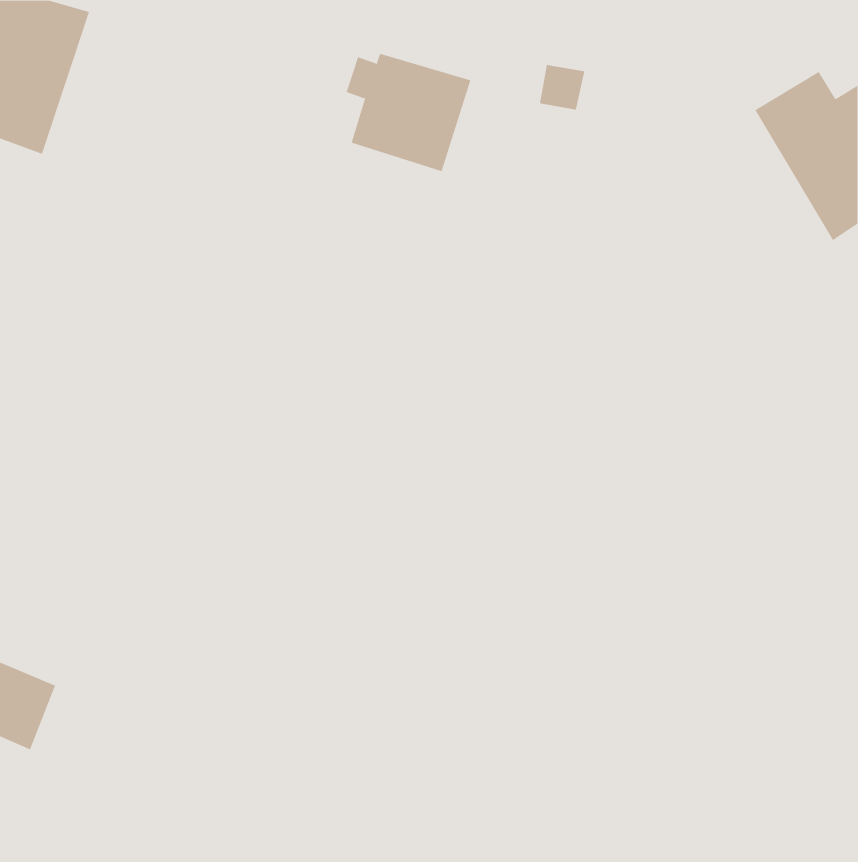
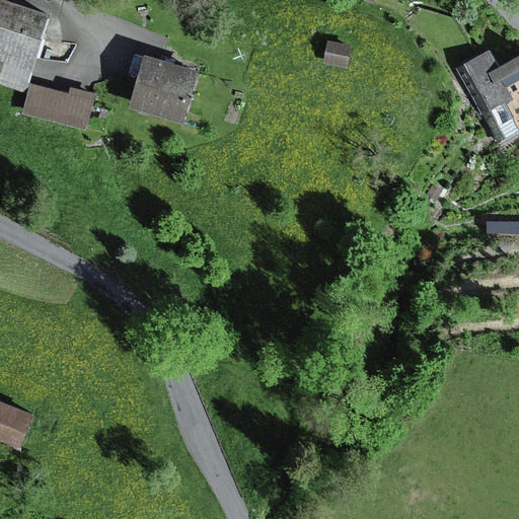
building: [346,53,471,172] -> [126,52,201,123]
building: none -> [21,82,94,132]

